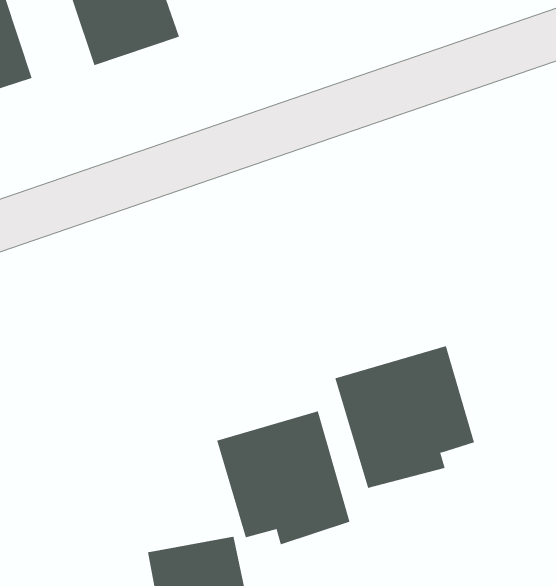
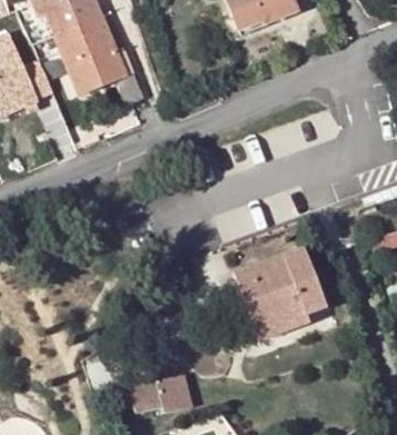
building: [217,411,350,545] -> none

